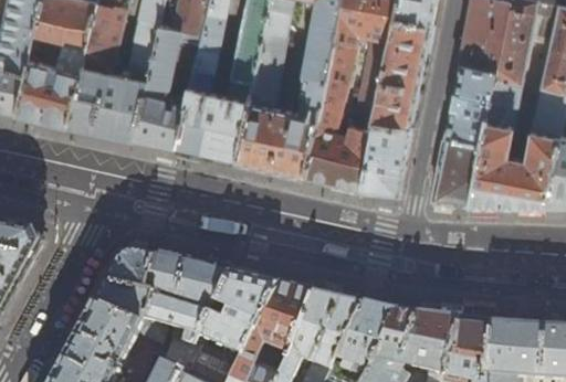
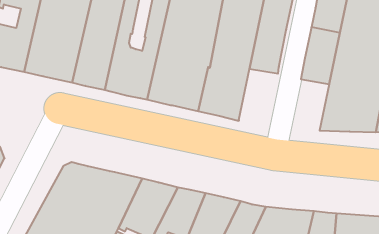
building: [359,121,412,195] -> none
building: [430,136,482,205] -> none

